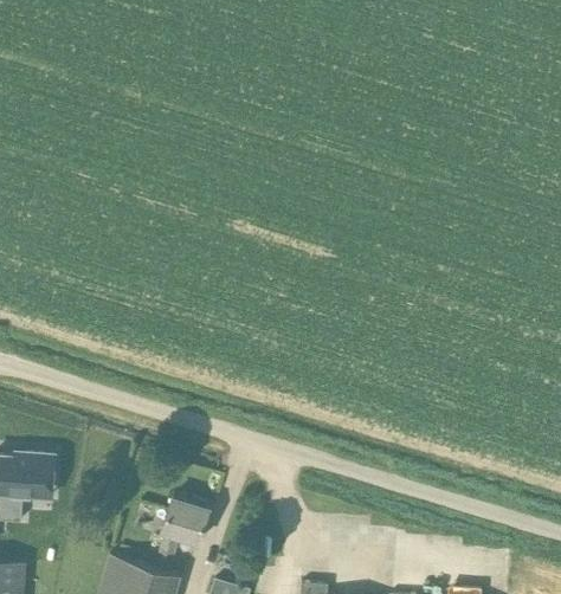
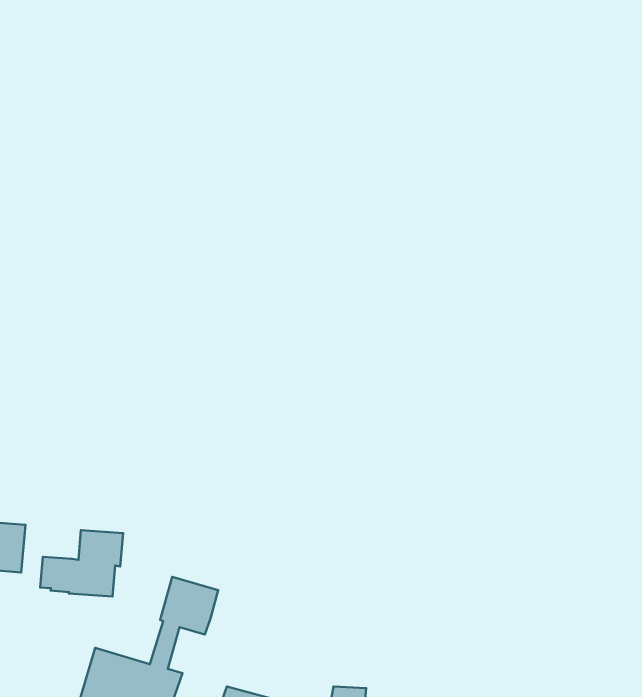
building: none -> [40,530,123,596]

